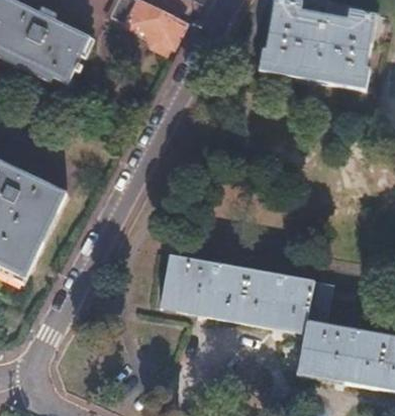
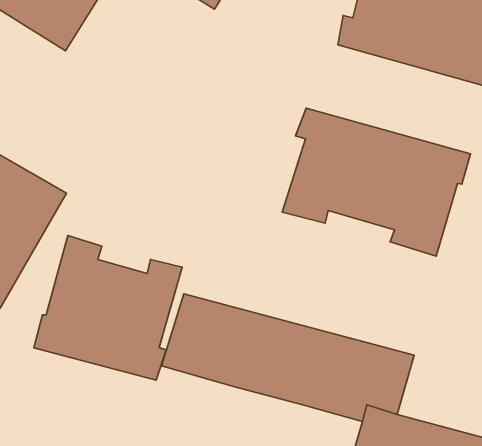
building: none -> [282,108,470,256]
building: none -> [34,236,182,380]

